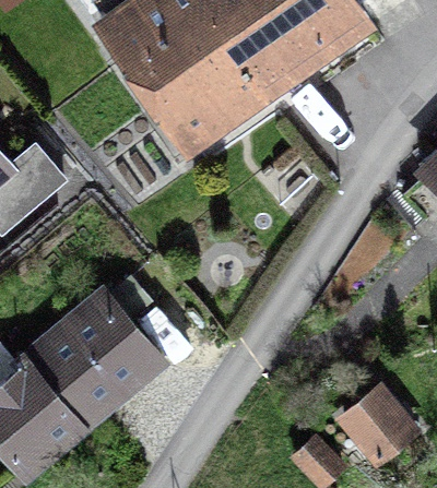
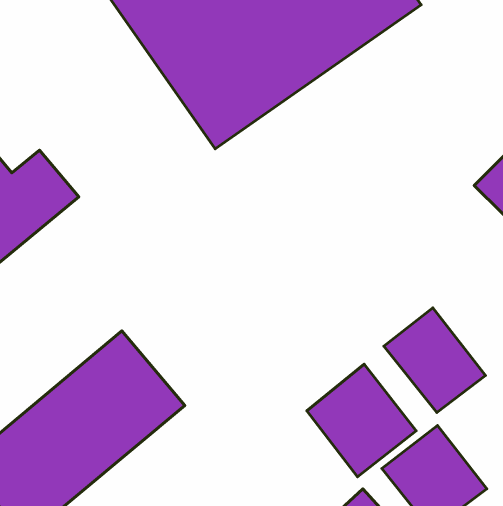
building: none -> [384,308,486,412]
building: none -> [307,364,416,477]

